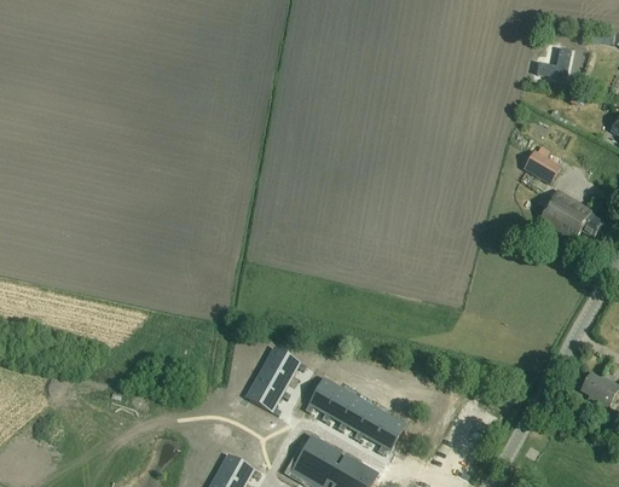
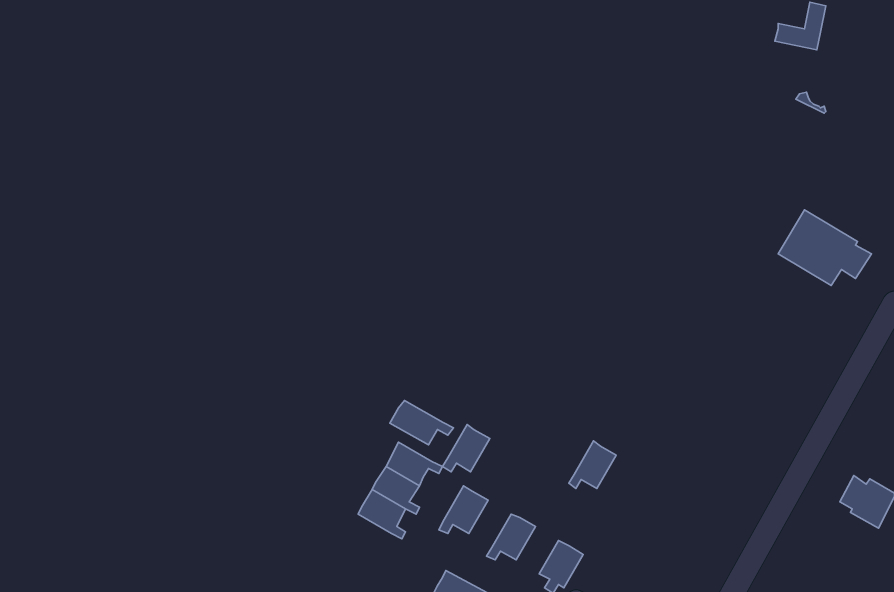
building: [523,147,562,182] -> none
building: none -> [390,401,454,445]
building: [322,388,354,421] -> [442,424,490,472]
building: [354,406,387,439] -> [569,441,616,488]

